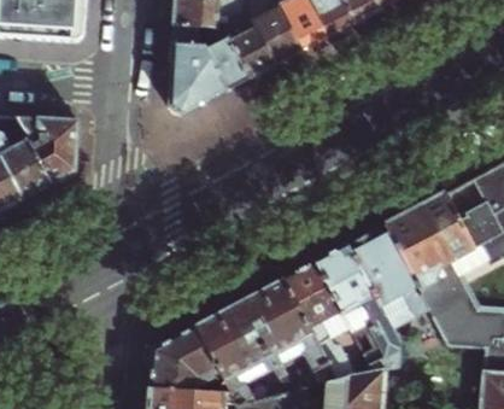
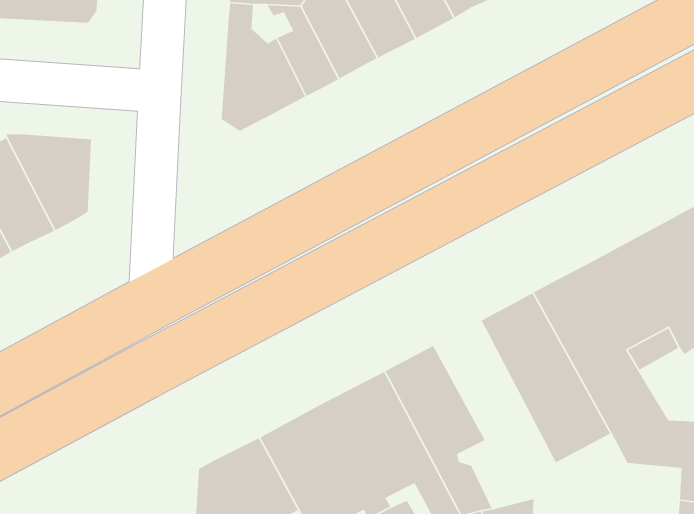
building: [315,245,399,364] -> none

